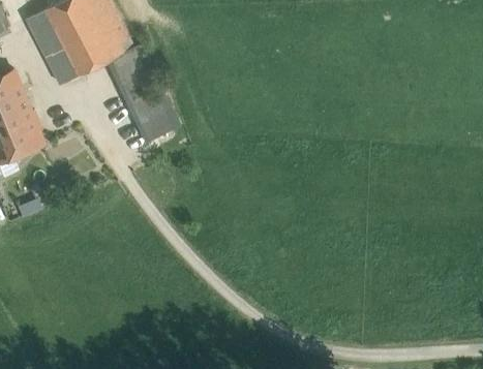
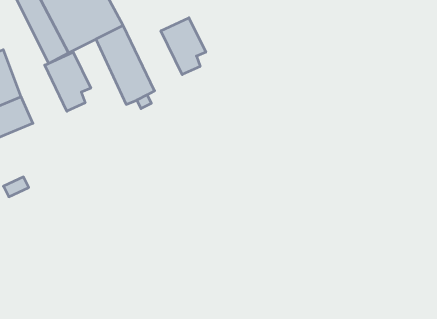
building: none -> [161,18,206,75]
building: none -> [45,52,91,111]

